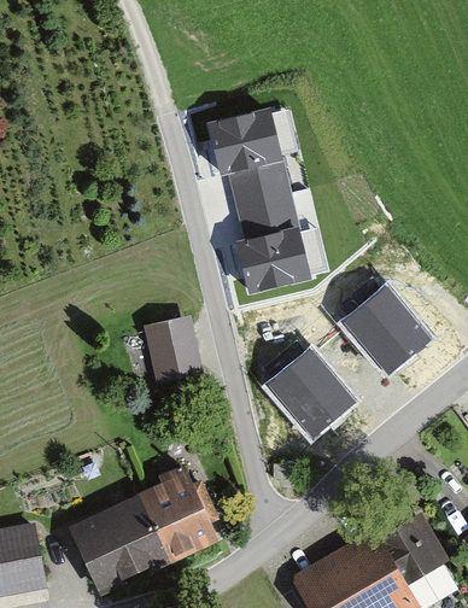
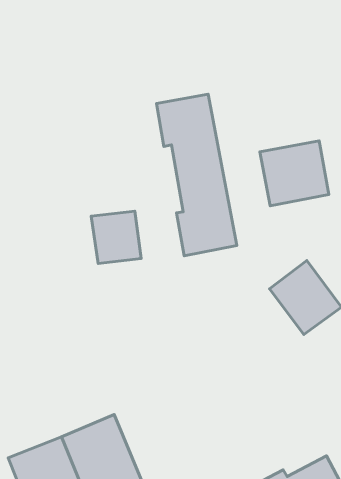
building: none -> [260,141,329,206]
building: [144,320,201,380] -> [91,211,141,264]
building: [273,352,355,435] -> none

